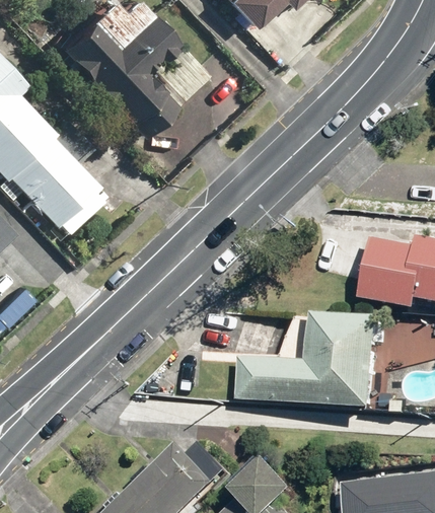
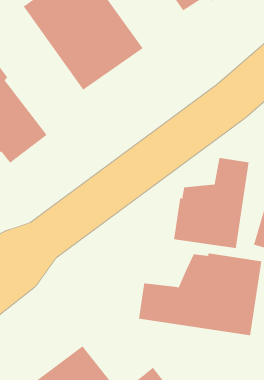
building: none -> [173,157,249,249]

